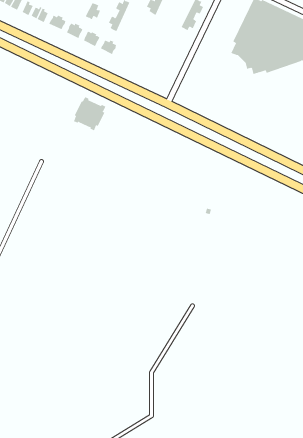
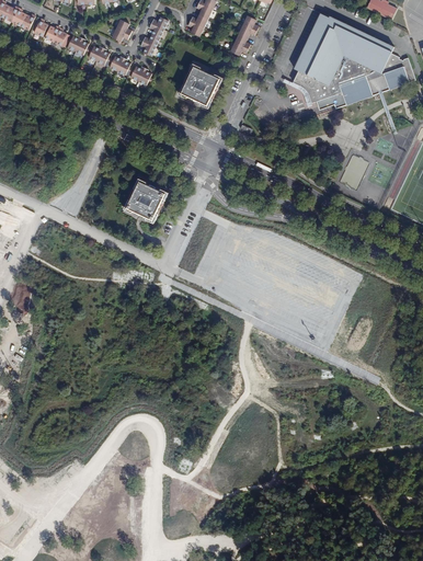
building: none -> [179,62,219,106]
building: [73,97,106,131] -> [128,180,169,222]

